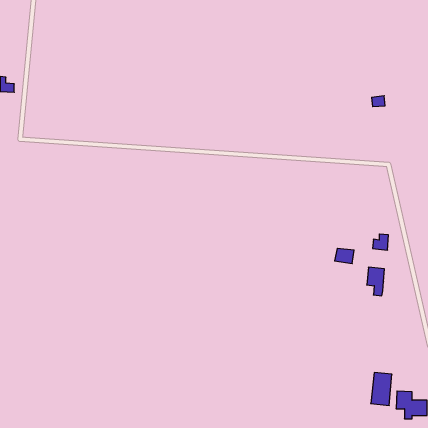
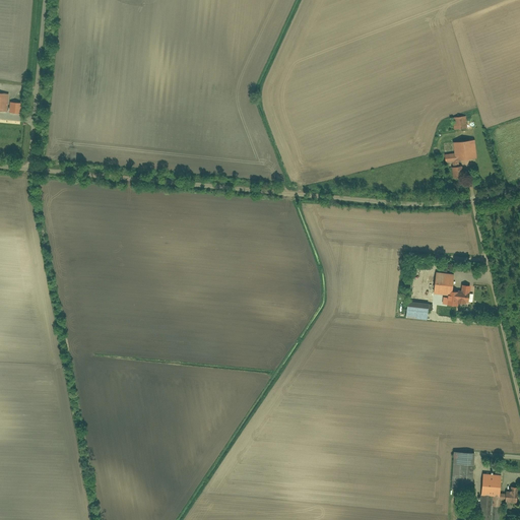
building: none -> [443,140,477,179]
building: [367,267,384,296] -> [433,273,454,308]

